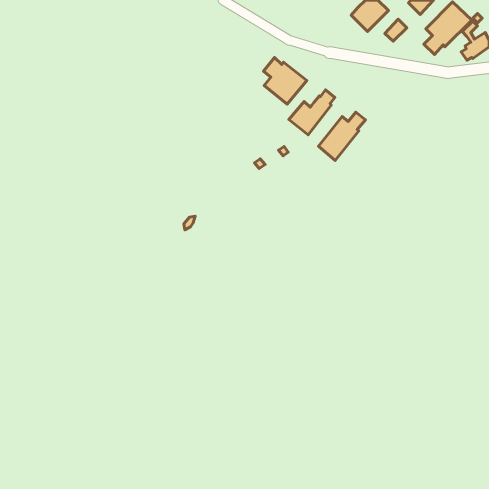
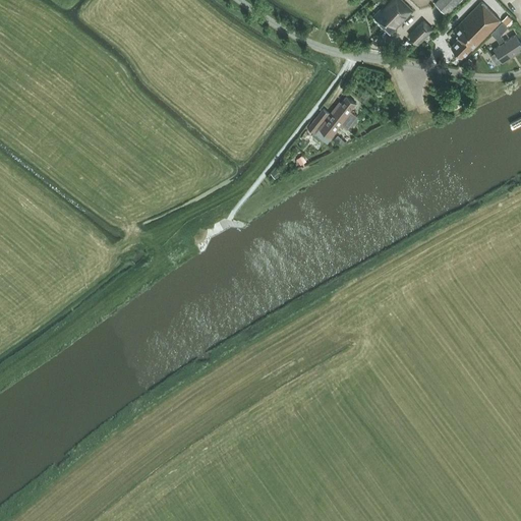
building: [264,58,307,104] -> none
building: [318,112,366,161] -> none

